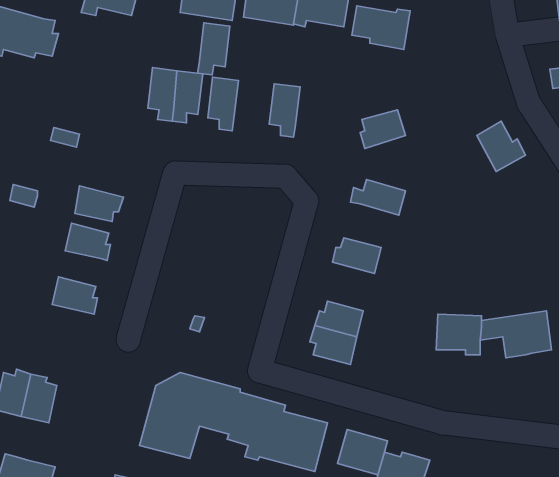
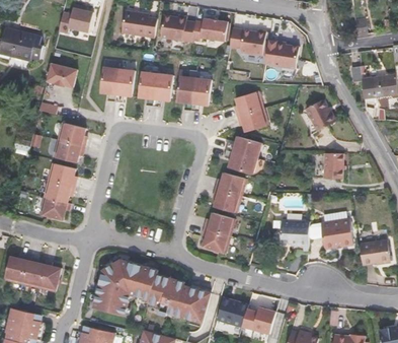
building: [197,23,230,75] -> [152,74,172,107]
building: none -> [270,41,297,68]
building: none -> [46,65,77,88]
building: none -> [190,78,210,111]
building: none -> [235,109,265,132]
building: none -> [57,124,86,147]
building: none -> [223,150,256,174]
building: none -> [323,152,342,178]
building: none -> [44,181,74,203]
building: none -> [212,188,241,212]
building: none -> [37,263,61,292]

